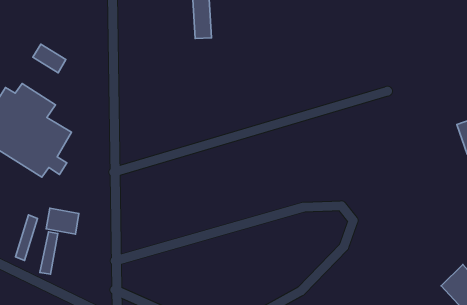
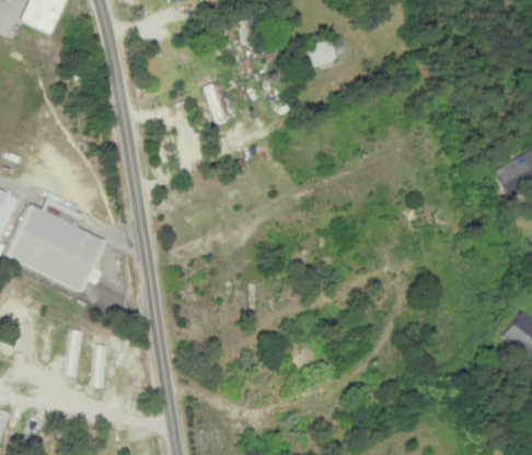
building: [33,44,66,73] -> none
building: [46,208,79,234] -> none

